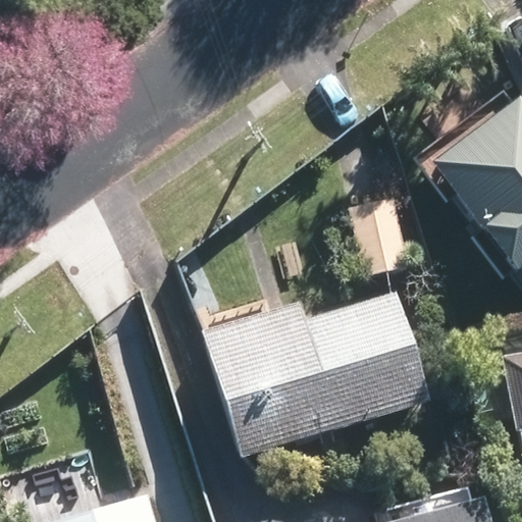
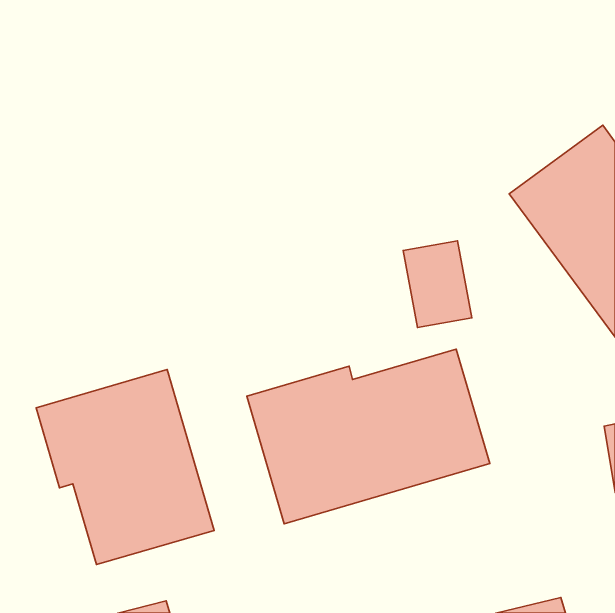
building: none -> [36,370,214,565]

